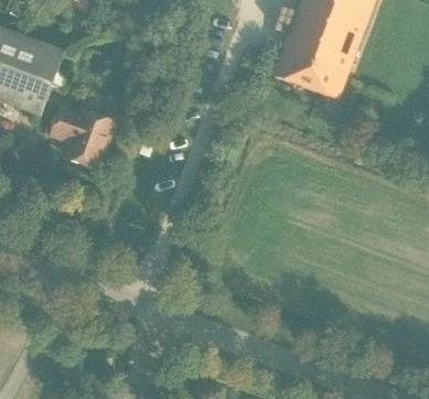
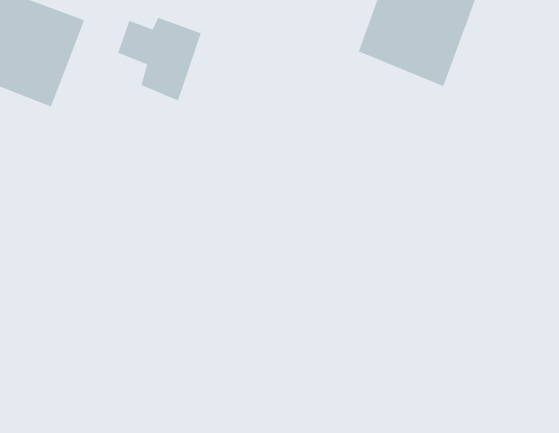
building: [50,104,114,168] -> [117,17,202,101]

